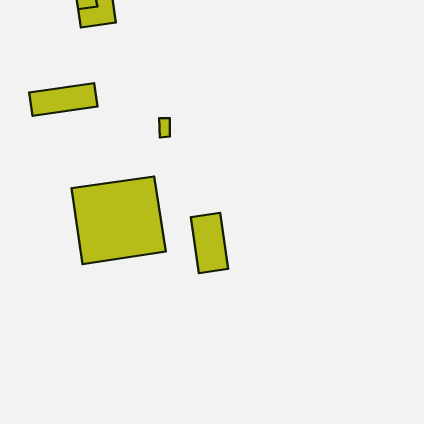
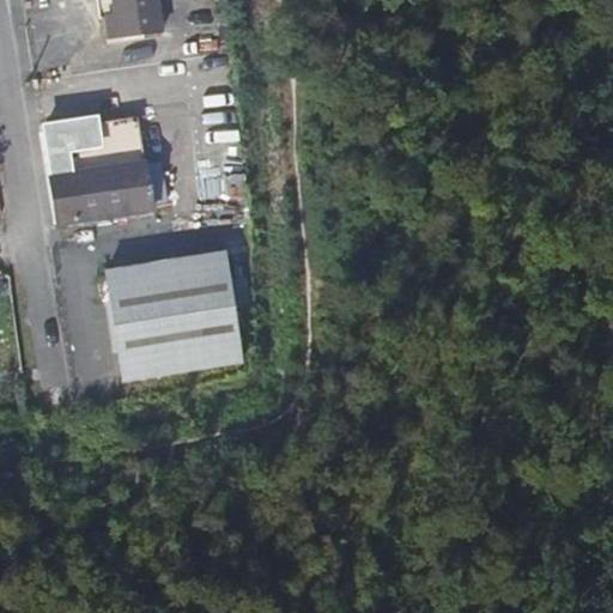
building: none -> [49,153,165,219]
building: [191,213,228,273] -> none

